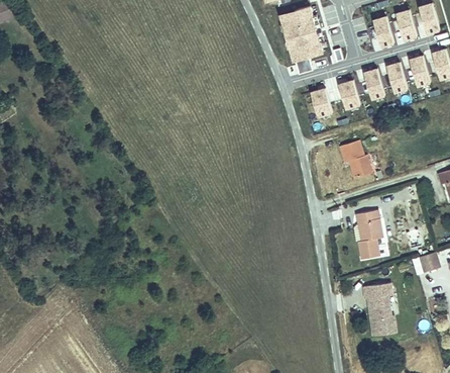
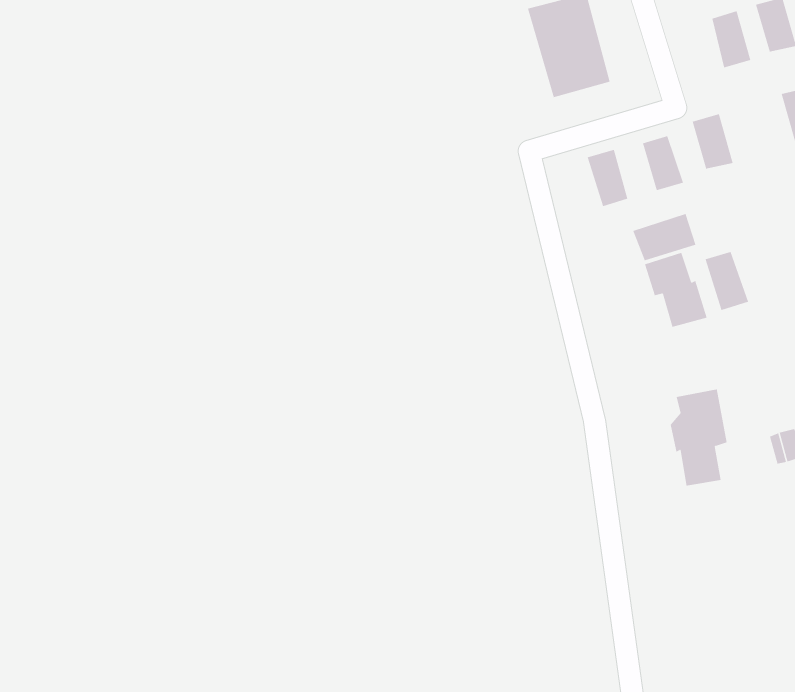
building: [387,63,408,91] -> none
building: none -> [633,213,696,261]
building: none -> [705,251,749,311]
building: [364,282,397,335] -> none

